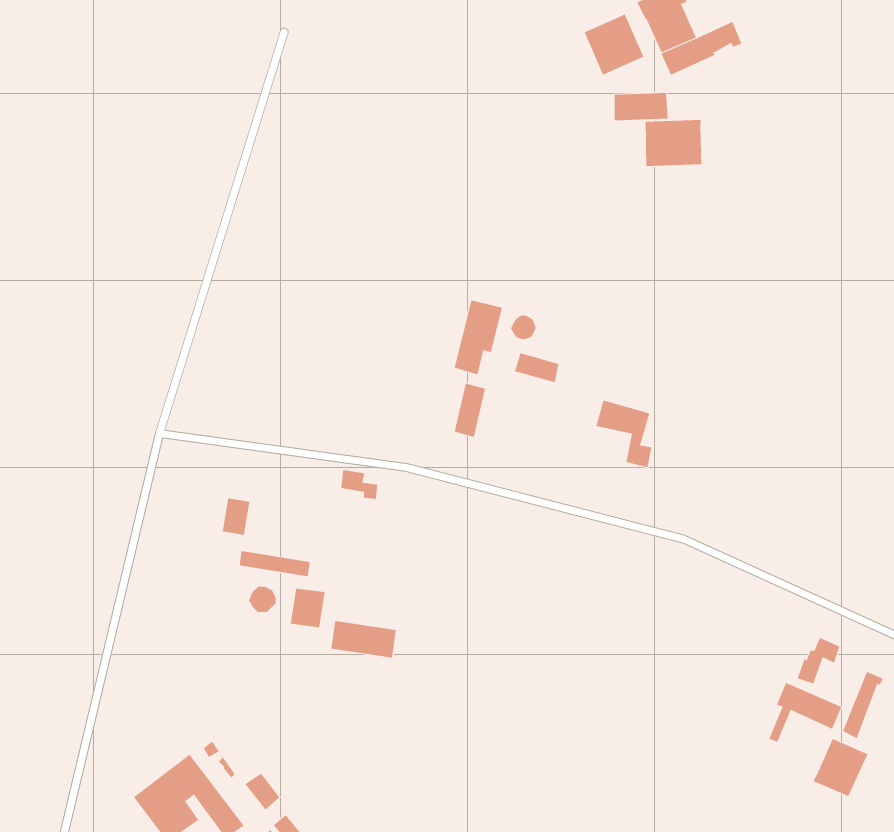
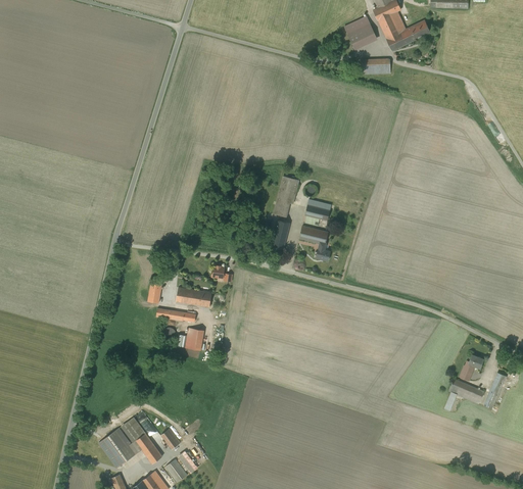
building: [645,119,702,167] -> none
building: [595,400,652,468] -> [300,222,331,258]
building: [331,620,397,658] -> [176,287,211,307]
building: [813,738,868,797] -> none

